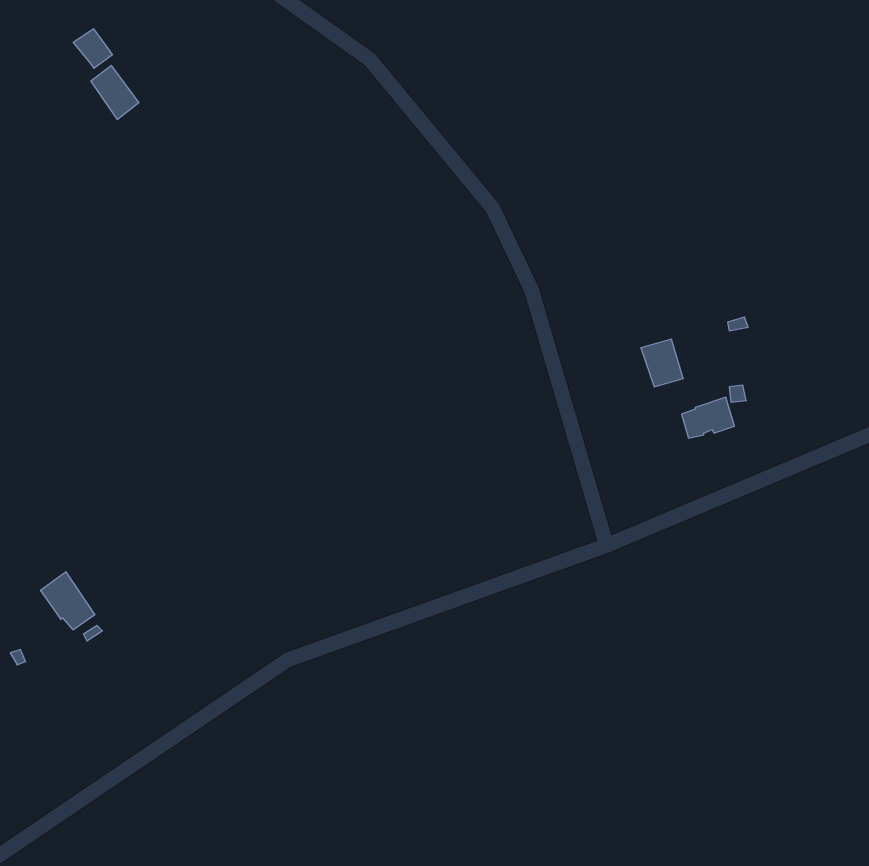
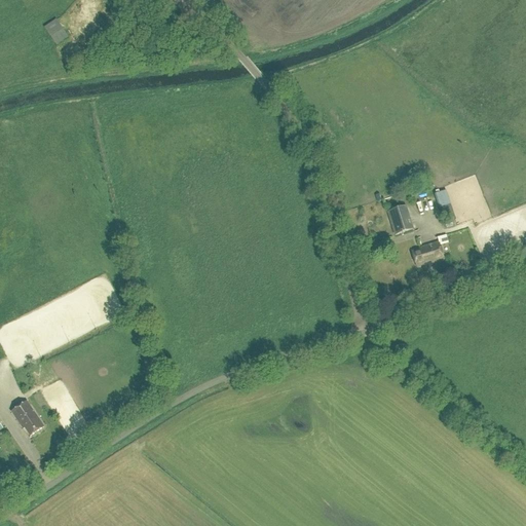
building: [91,65,139,120] -> none
building: [40,572,95,630] -> [10,399,43,434]

